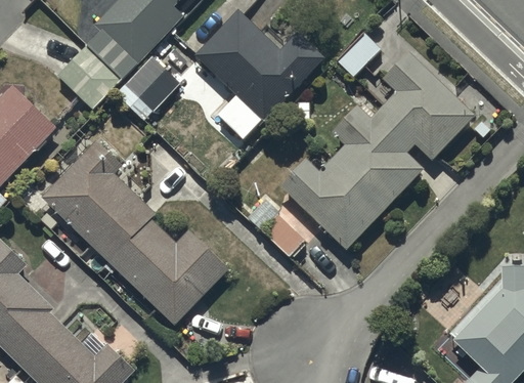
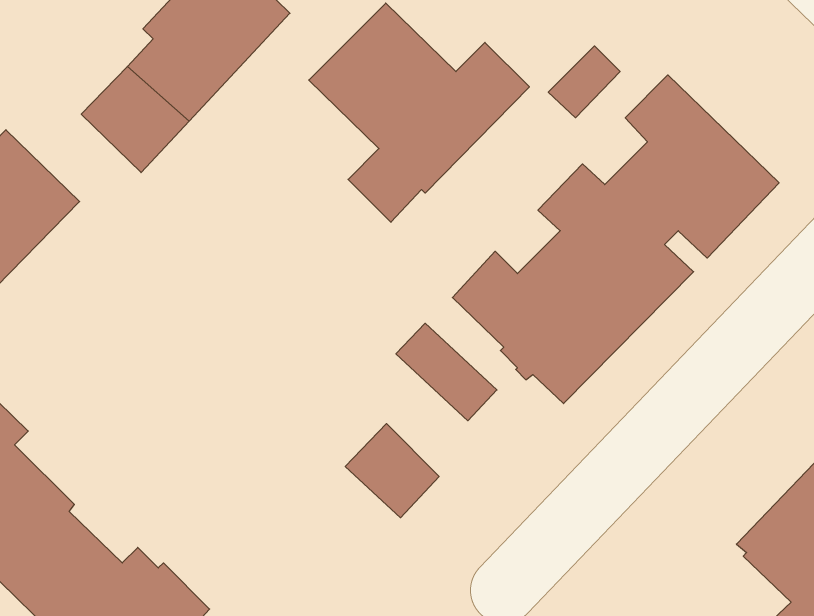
building: [116,56,179,121] -> none
building: [39,139,229,326] -> none
building: none -> [345,424,439,518]

